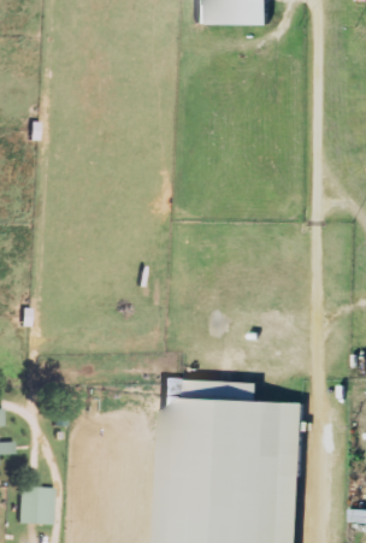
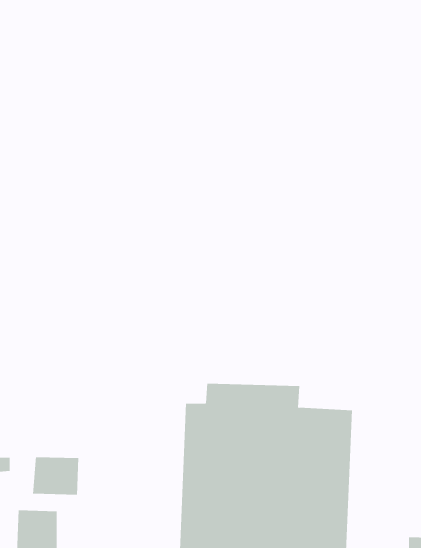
building: none -> [33,456,79,496]

